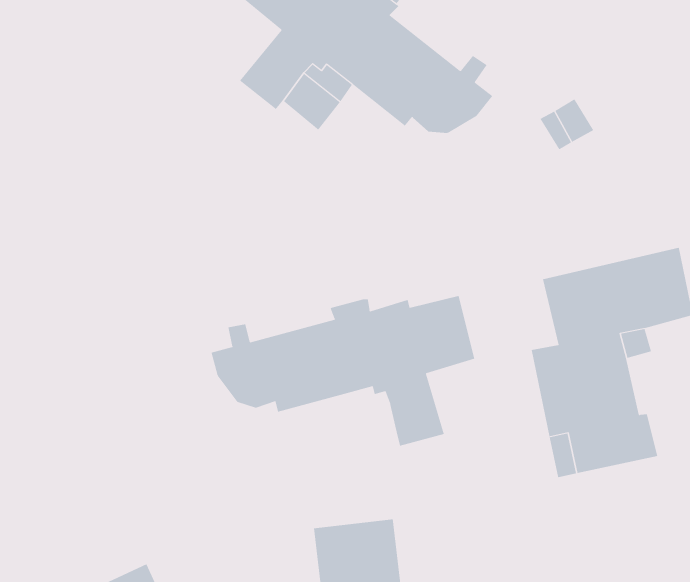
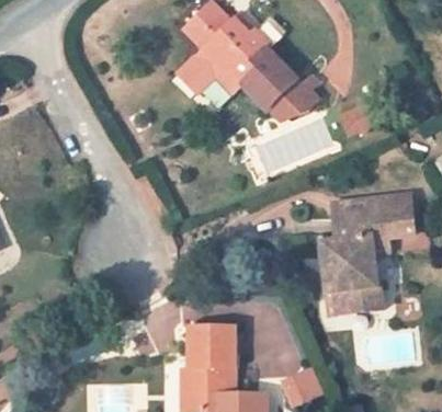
building: [211,295,475,447] -> none

